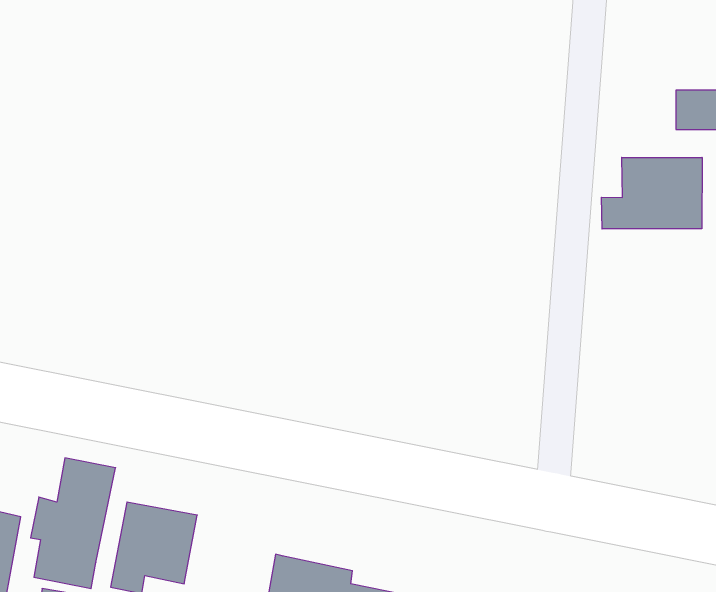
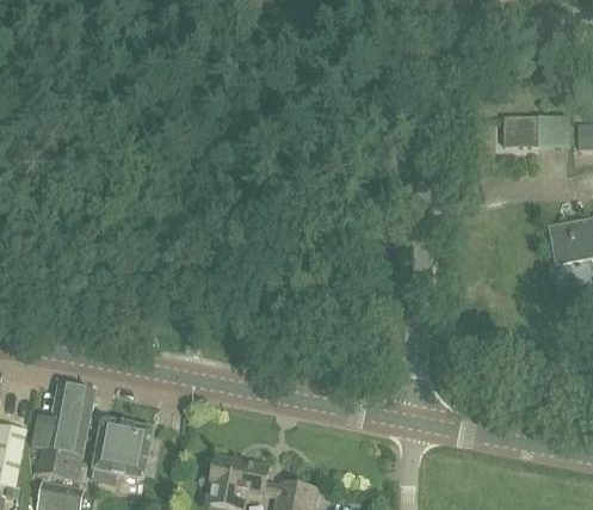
building: [601,157,702,229] -> none

